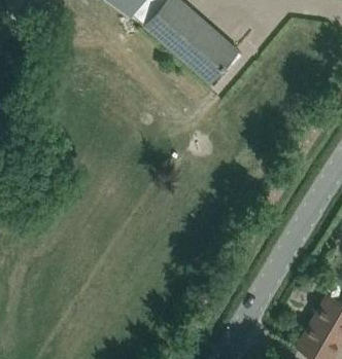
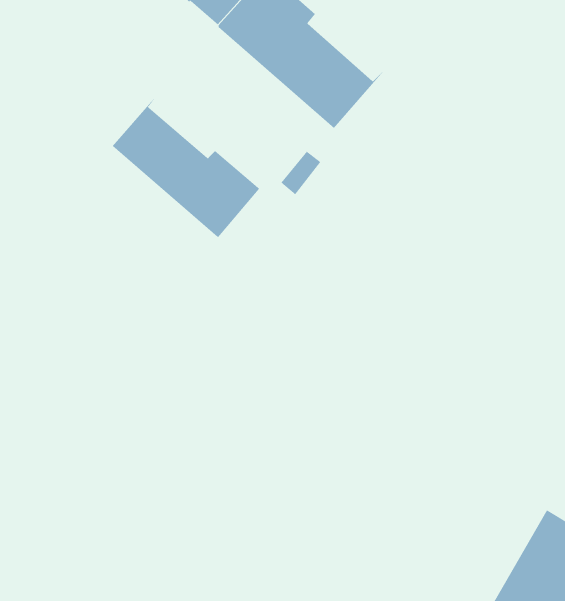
building: none -> [112,96,261,238]

